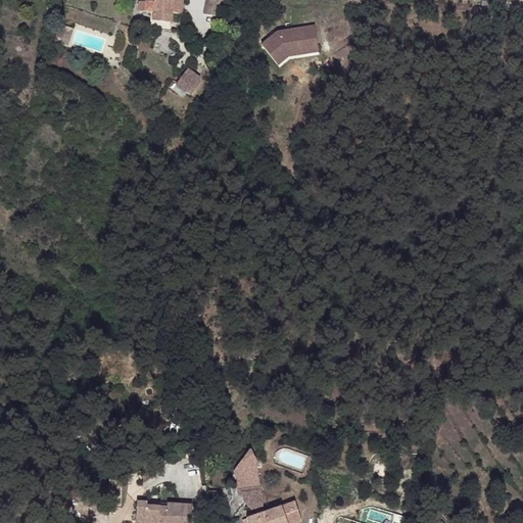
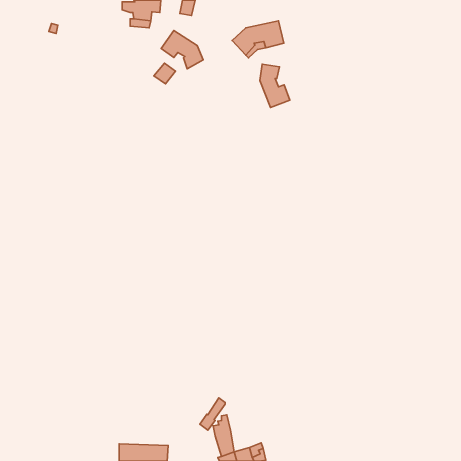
building: none -> [161,30,203,69]
building: none -> [260,64,290,107]

